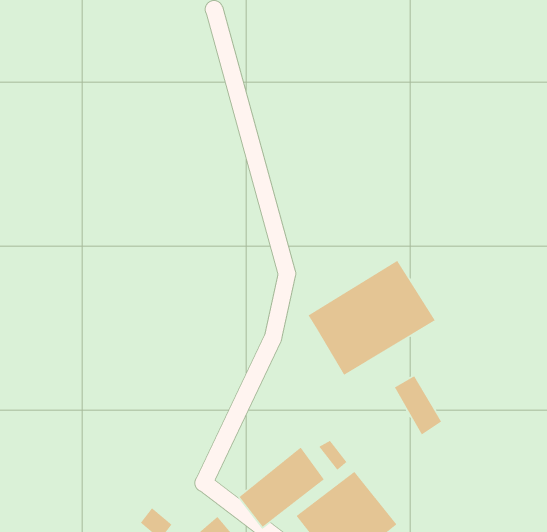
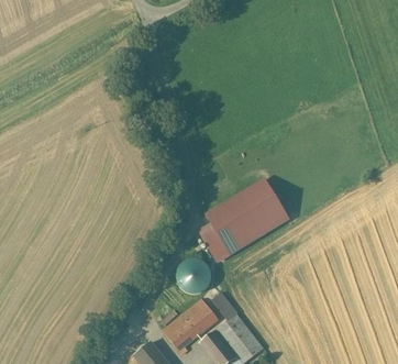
building: [394,375,442,436] -> [199,223,230,262]
building: none -> [176,258,211,294]

